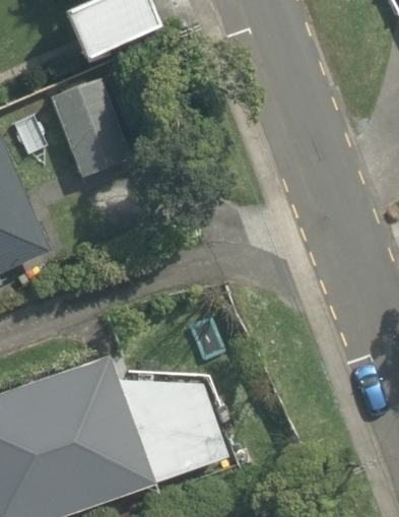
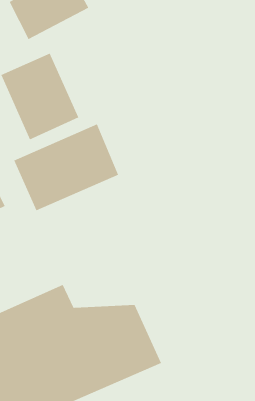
building: none -> [14,123,119,211]

